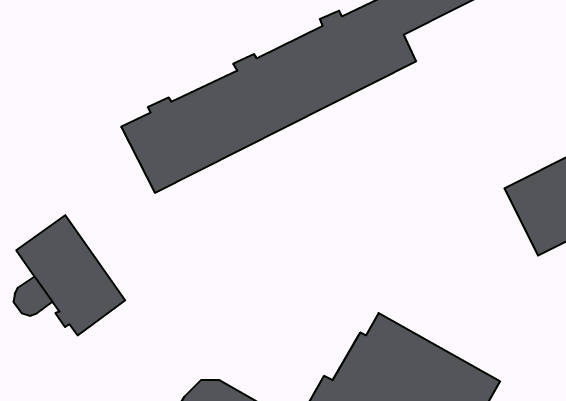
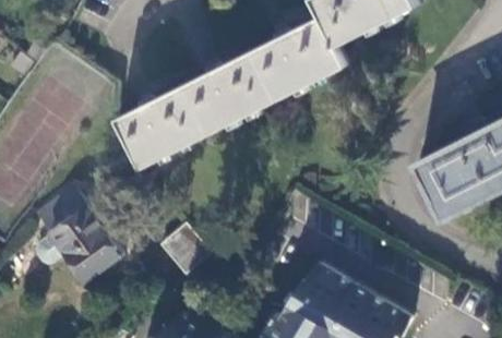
building: none -> [163,224,210,271]

